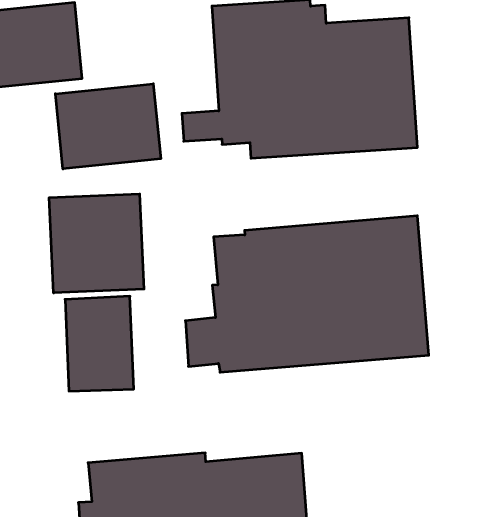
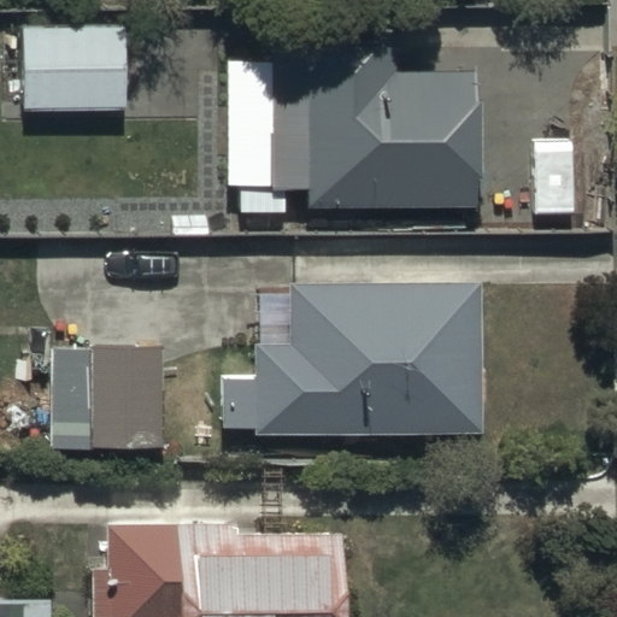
building: [55,84,161,169] -> none
building: [49,194,144,293] -> none

